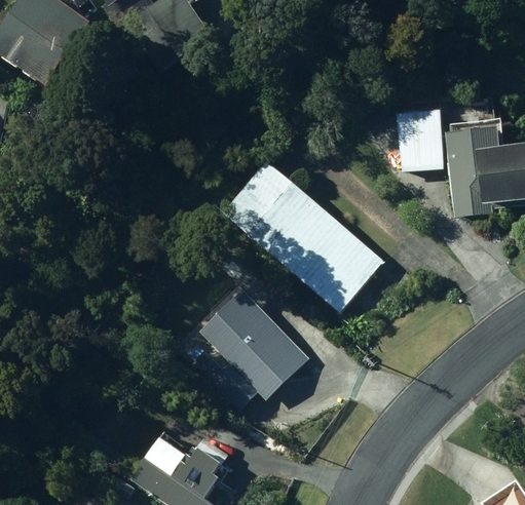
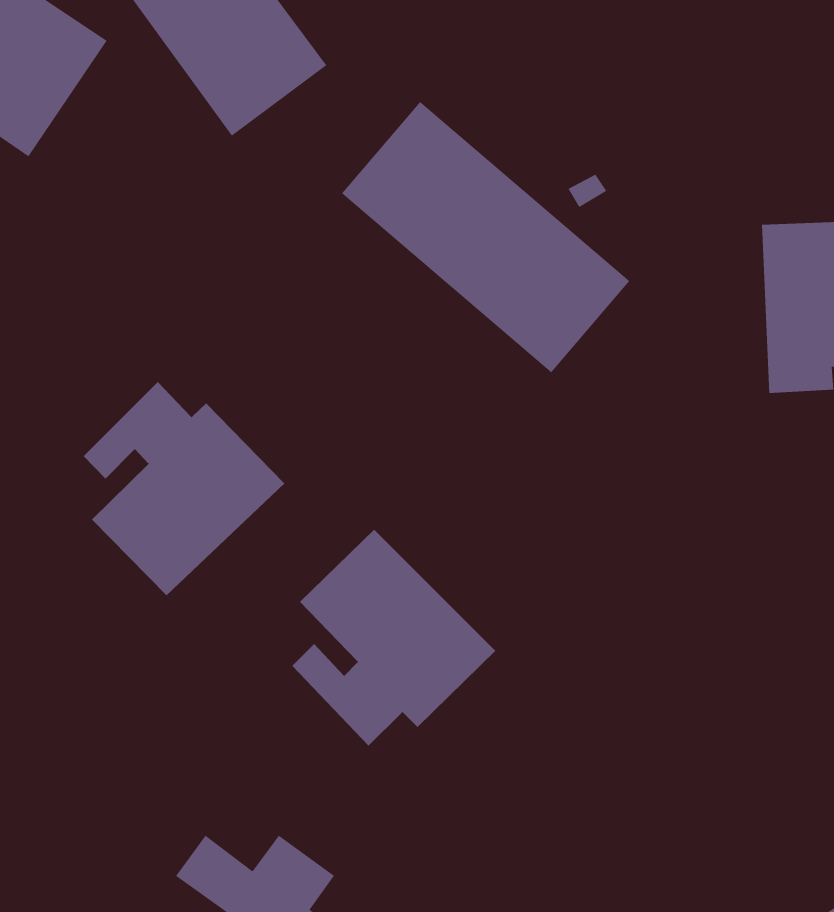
building: [397,110,444,169] -> none
building: [222,160,380,309] -> [341,101,630,373]
building: none -> [83,381,285,596]

